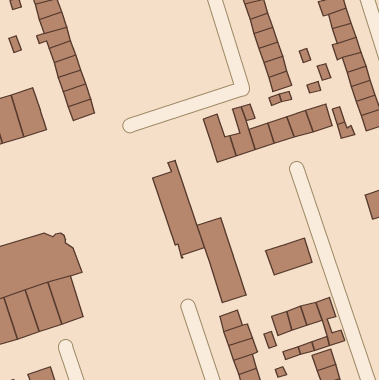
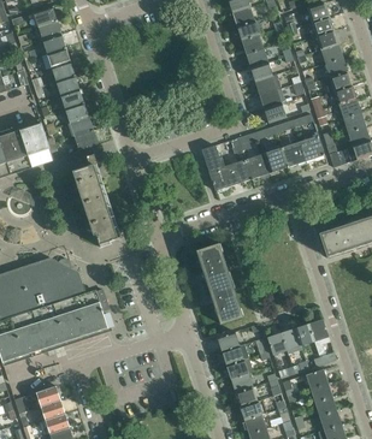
building: [153,160,204,258] -> [72,154,122,247]
building: [265,238,312,275] -> [319,221,364,256]
building: none -> [76,289,110,337]

